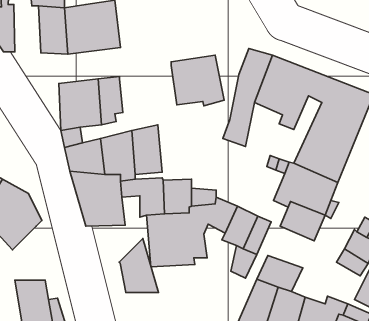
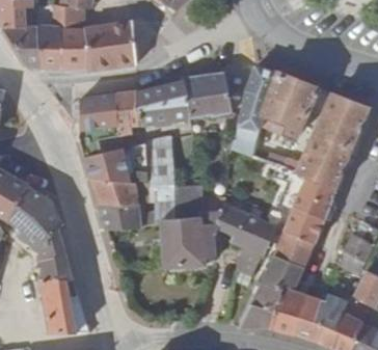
building: none -> [37,25,62,70]
building: none -> [135,81,188,125]
building: none -> [272,230,315,268]
building: [119,238,158,292] -> [36,230,73,279]

